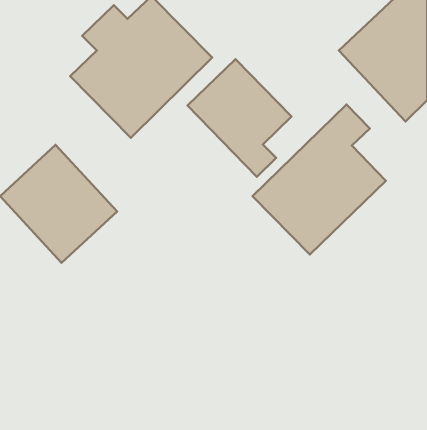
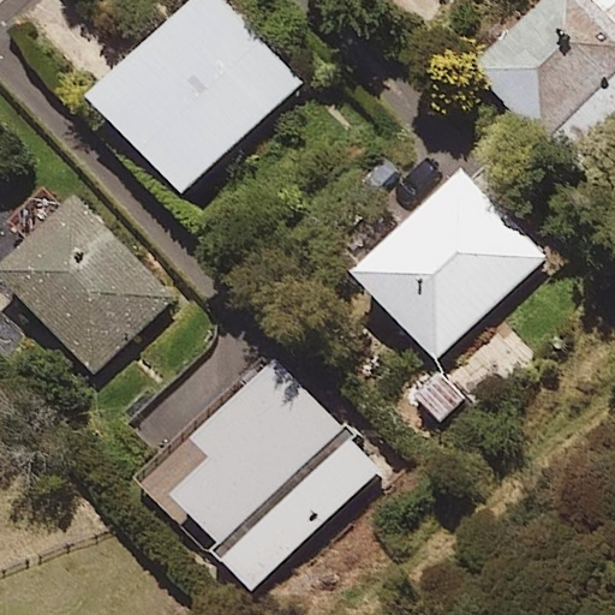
building: [187,59,292,177] -> none
building: none -> [141,371,374,586]

